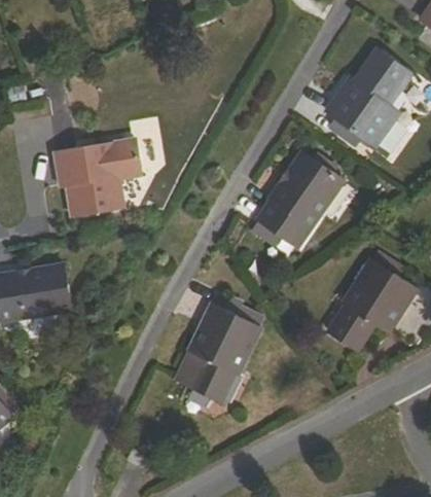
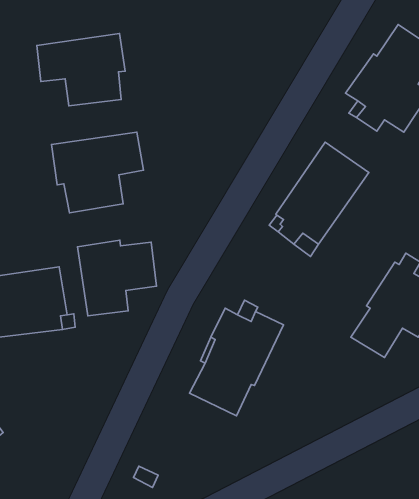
building: none -> [37,34,125,106]
building: none -> [78,240,157,316]

